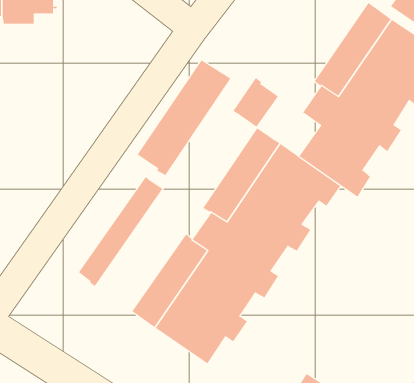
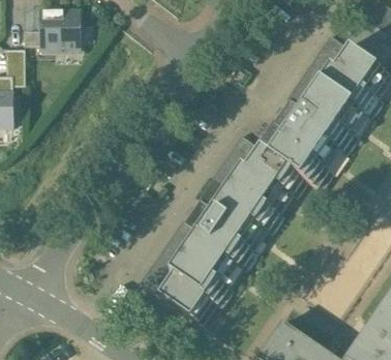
building: [137,59,231,176] -> none
building: [232,77,279,128] -> [257,118,294,158]
building: [78,176,163,287] -> none

